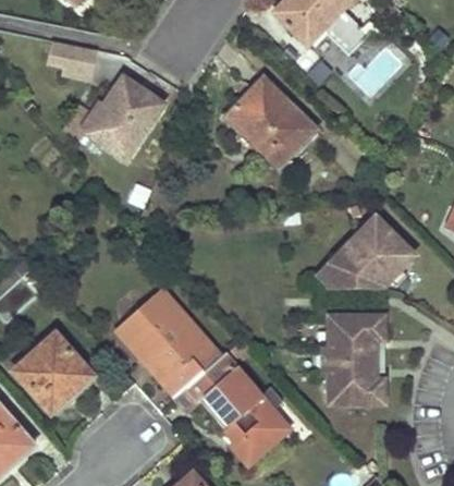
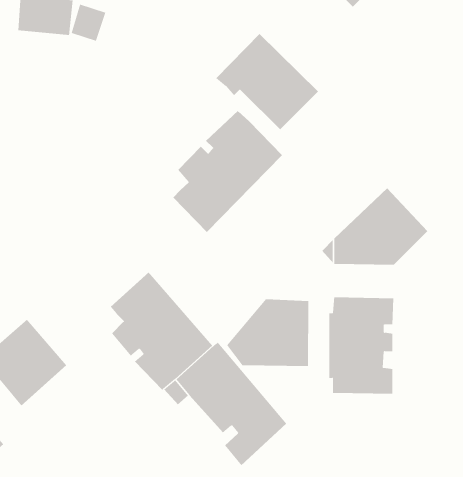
building: [86,75,164,158] -> none
building: none -> [172,110,283,233]
building: none -> [226,299,309,367]

